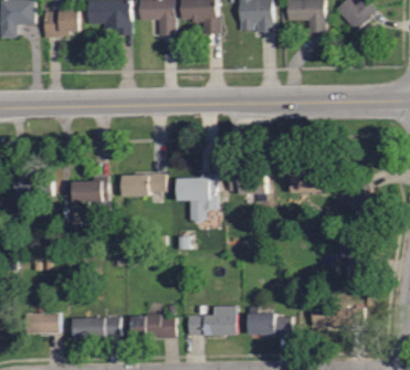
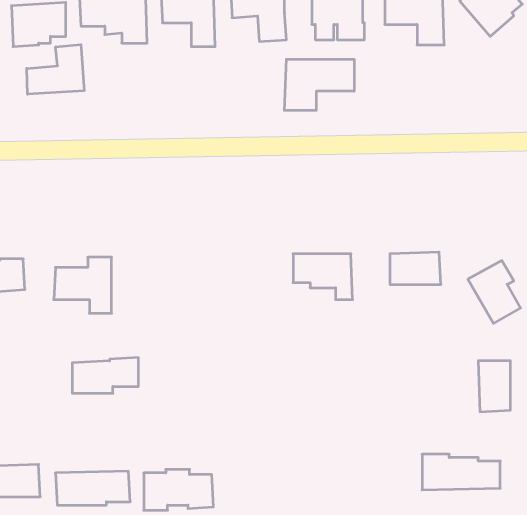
building: none -> [27,45,84,94]
building: none -> [284,59,354,110]
building: [122,172,165,195] -> [72,358,138,393]
building: [176,173,215,223] -> none
building: [187,306,235,335] -> none
building: [249,308,293,335] -> none

